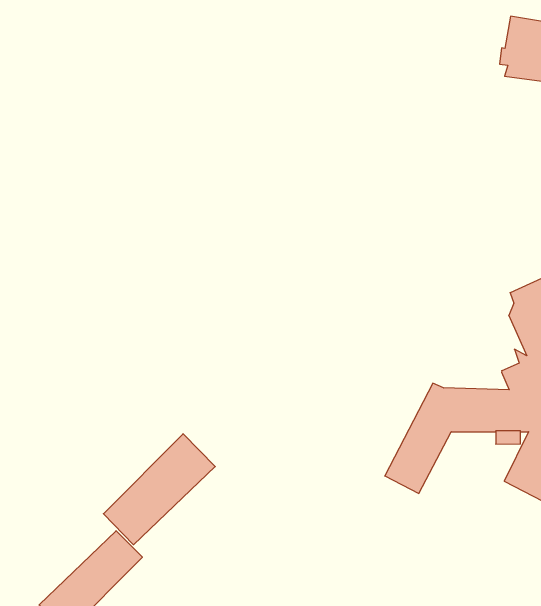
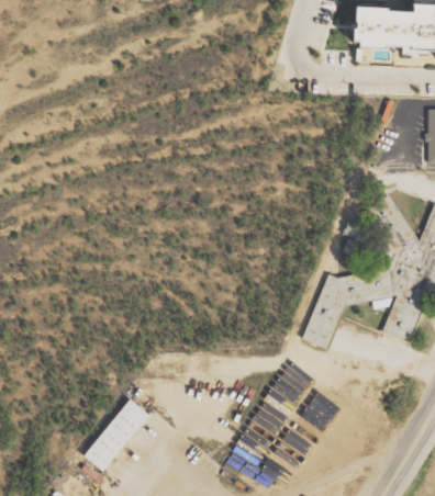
building: [103,434,215,545] -> none

